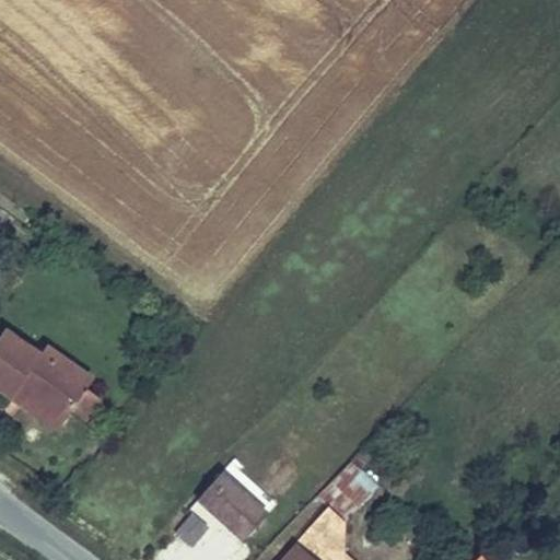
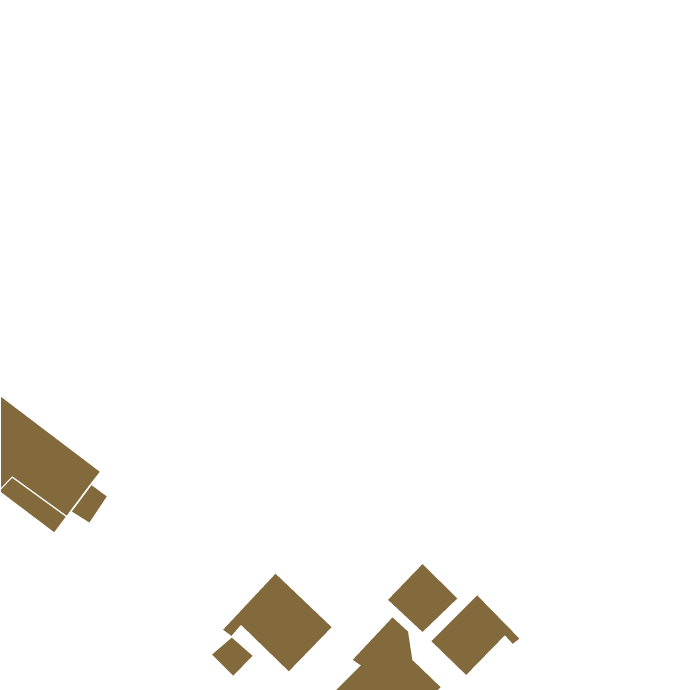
building: none -> [431,594,520,676]

